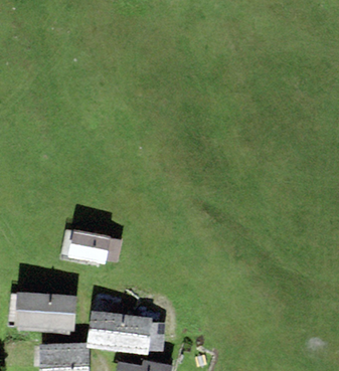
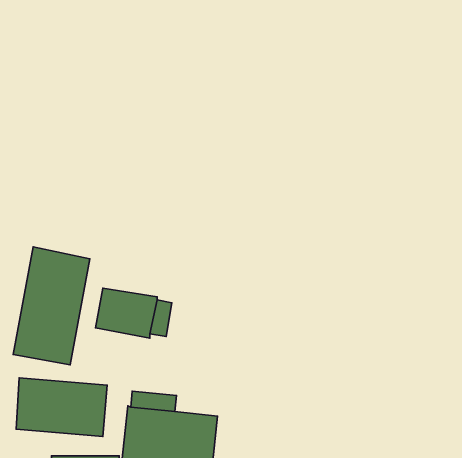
building: none -> [13,247,90,365]

